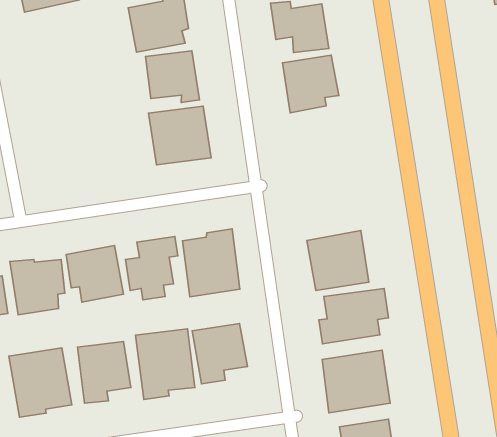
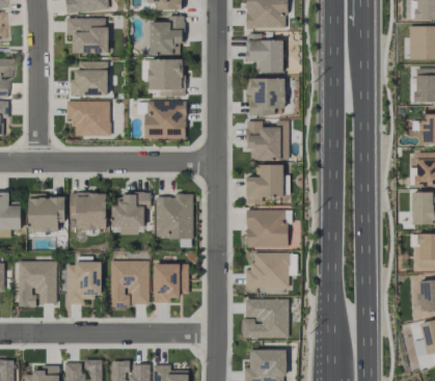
building: none -> [66,17,108,53]
building: none -> [70,60,108,96]
building: none -> [247,120,289,160]
building: none -> [66,101,110,136]
building: none -> [246,164,283,203]

